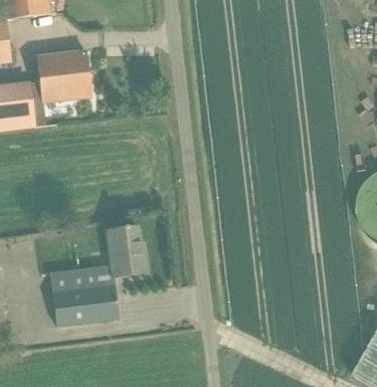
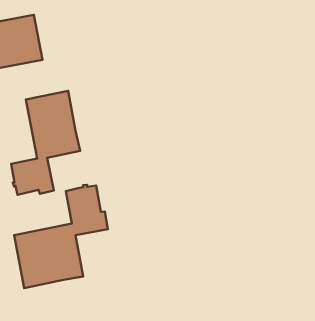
building: none -> [11,91,80,195]

